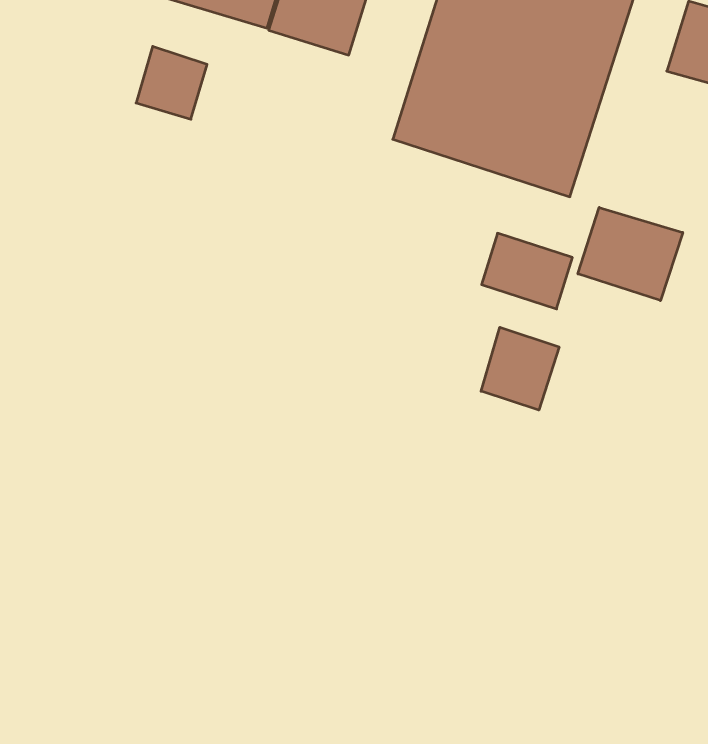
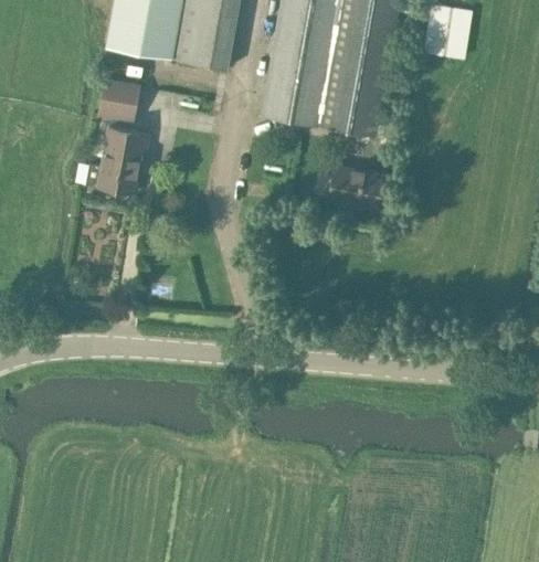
building: none -> [86,126,148,198]
building: [578,207,683,301] -> none
building: [481,327,559,410] -> none

